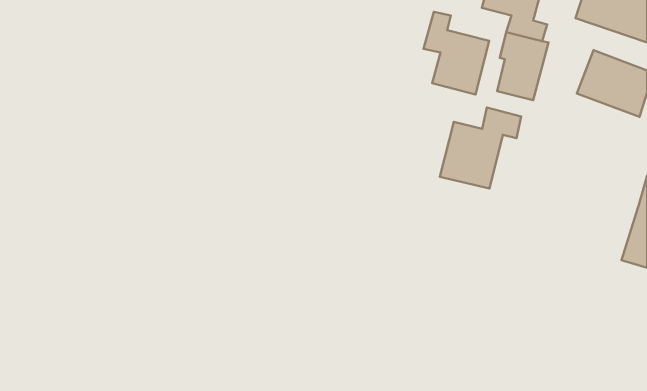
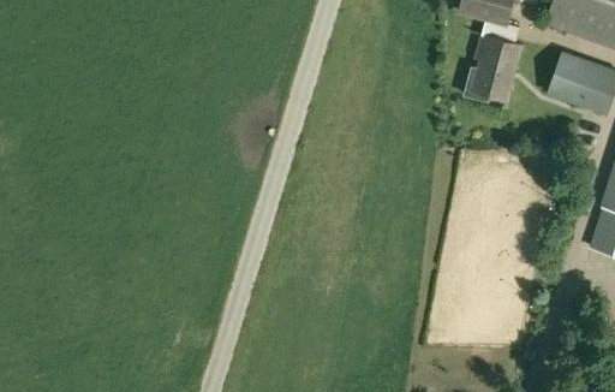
building: [424,12,489,94] -> none
building: [440,107,521,189] -> none

